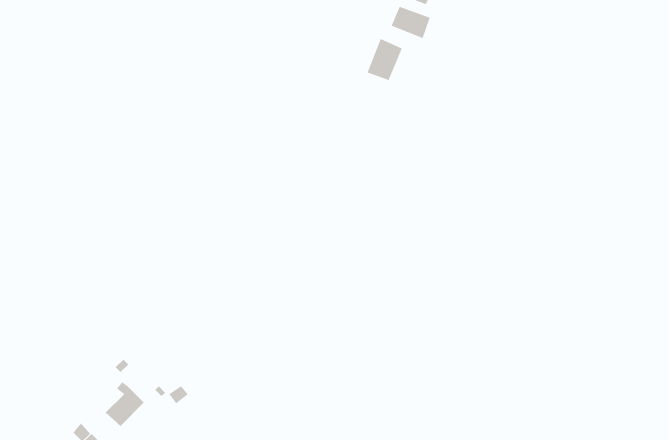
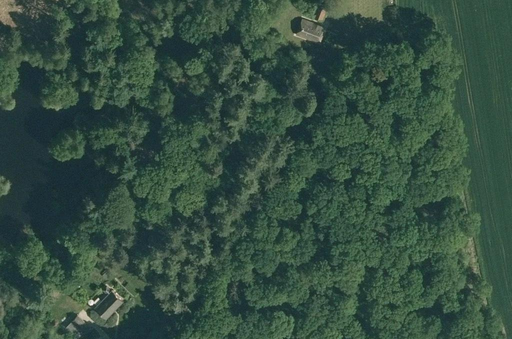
building: [367,38,403,81] -> none

